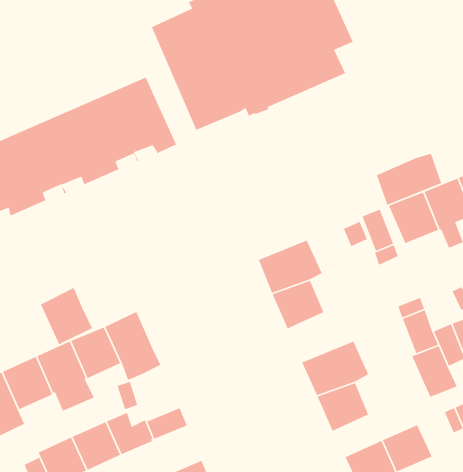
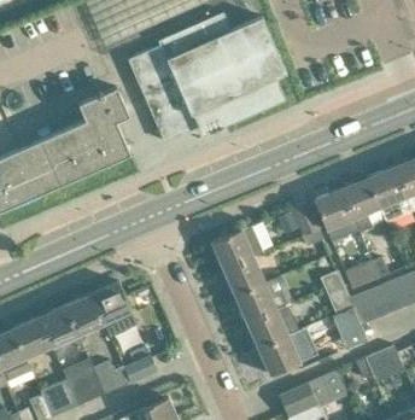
building: [376,153,442,206] -> none
building: [40,287,93,346] -> none
building: none -> [234,282,286,321]

